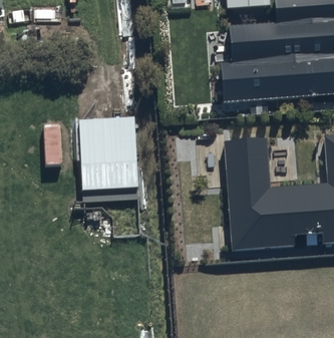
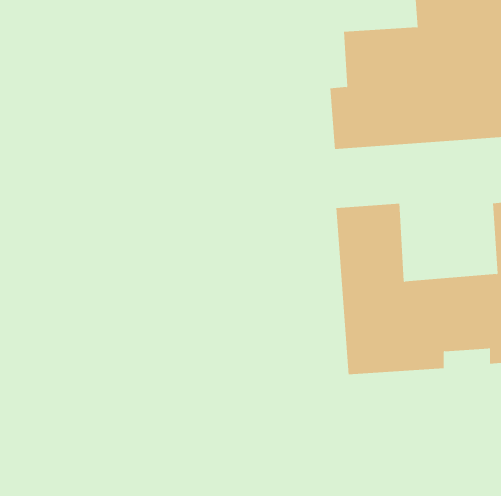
building: [79,117,138,200] -> none

